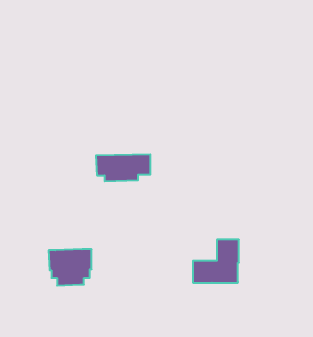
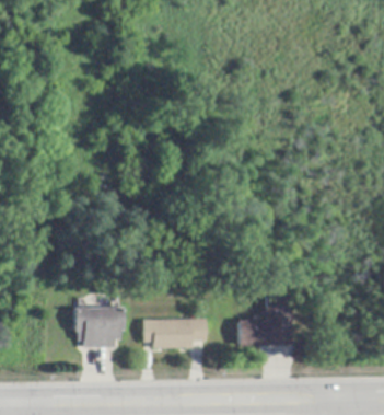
building: [96,154,150,181] -> [143,319,206,349]

